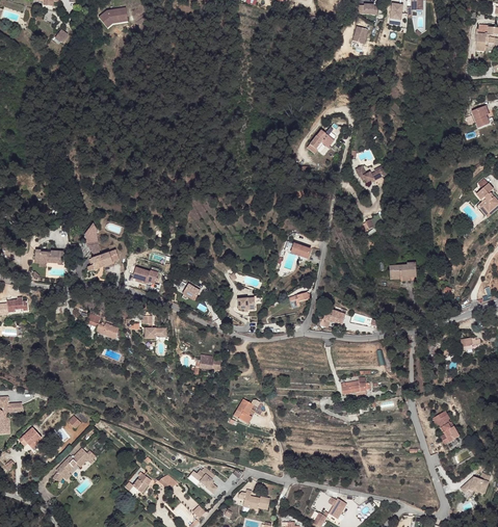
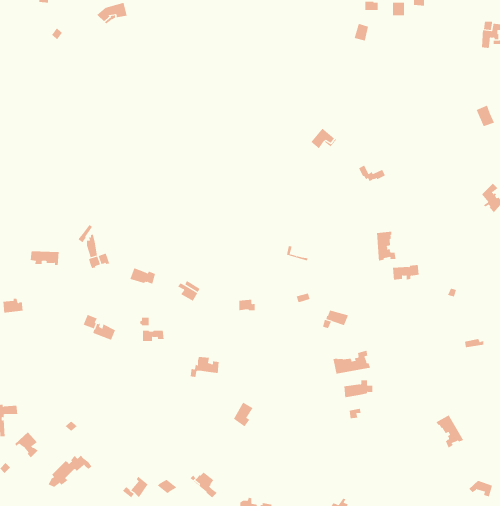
building: none -> [376,231,396,261]
building: none -> [333,350,371,375]

